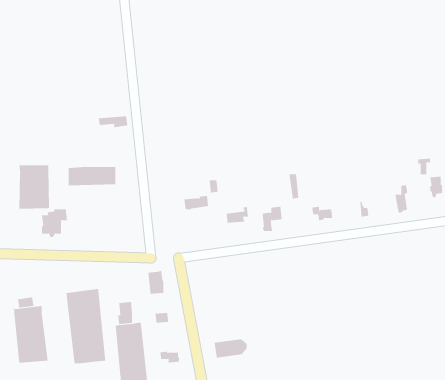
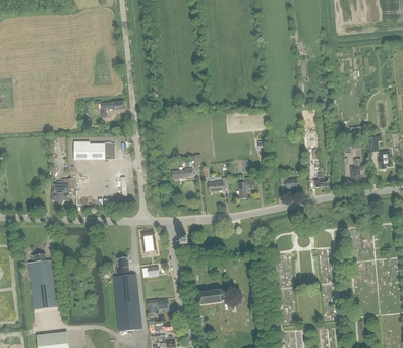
building: [19,164,50,210] -> none
building: [66,288,106,364] -> none

